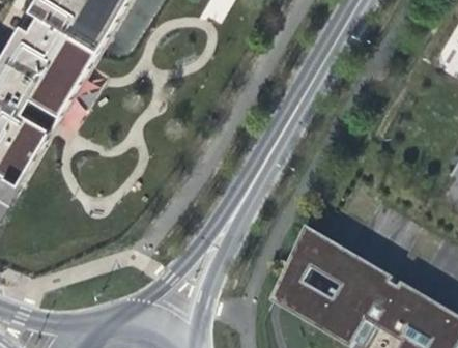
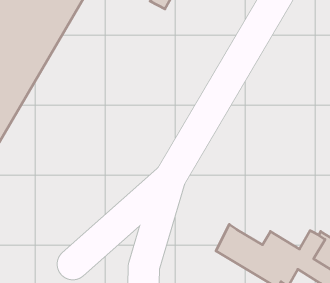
building: [270,227,393,308] -> none

